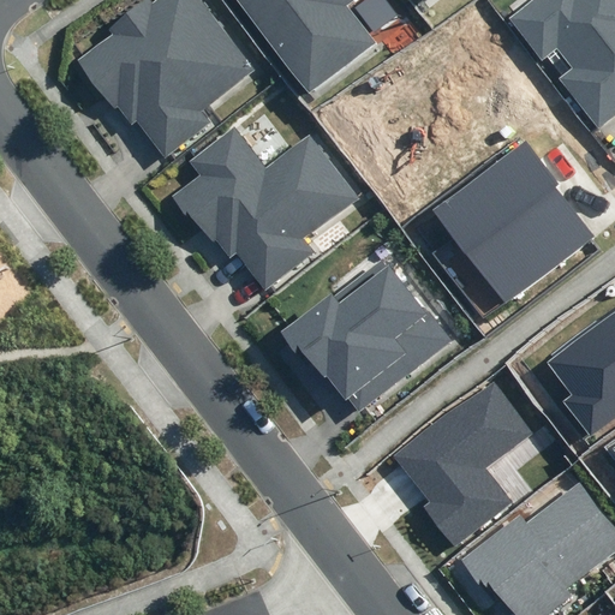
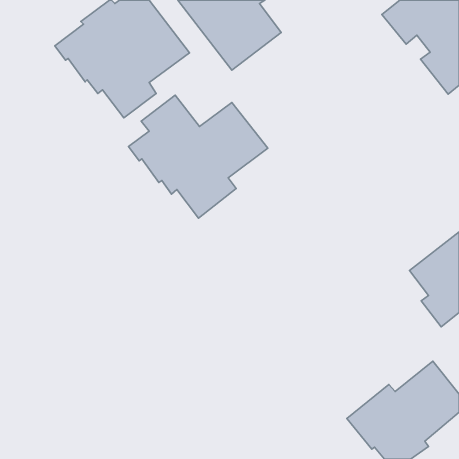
building: [435,141,591,316] -> none
building: [280,256,450,411] -> none
building: [394,376,538,547] -> none

